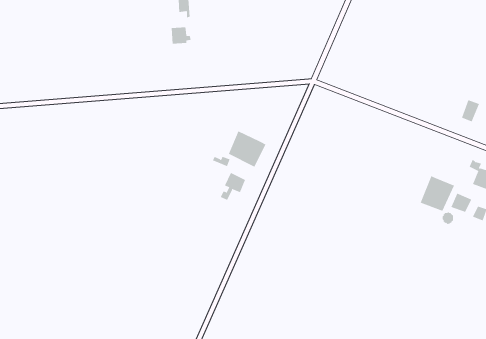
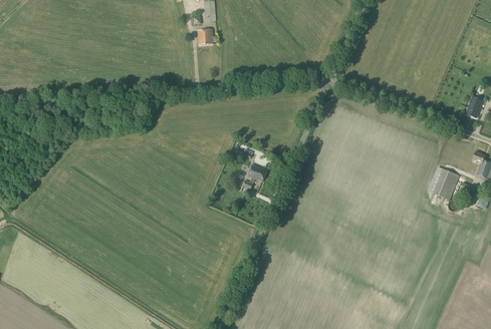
building: [228,130,266,168] -> none

